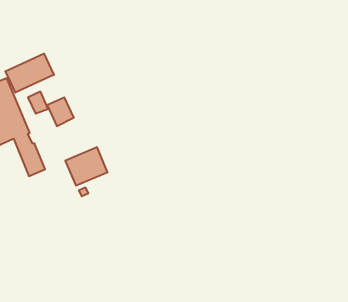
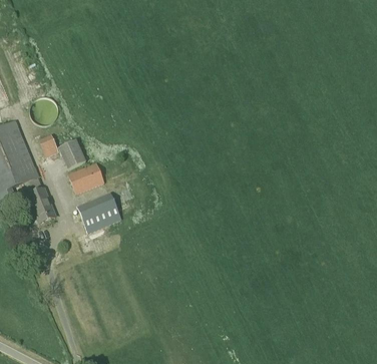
building: [5,54,54,93] -> none
building: none -> [68,161,104,194]

